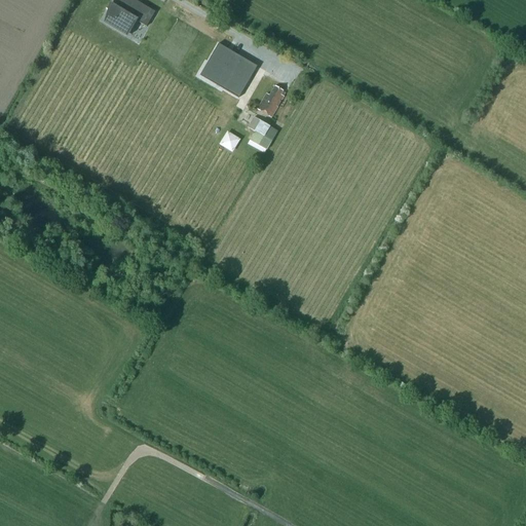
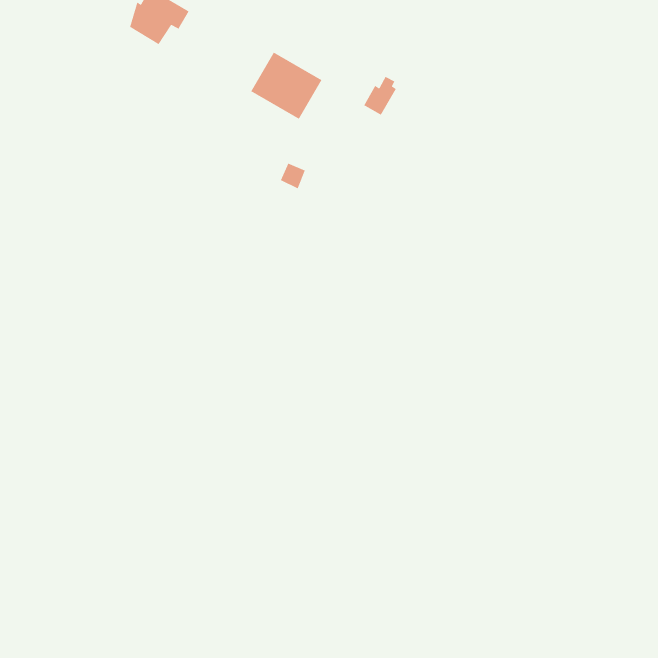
building: [258,86,285,118] -> [363,76,397,116]
building: [248,116,277,149] -> none

